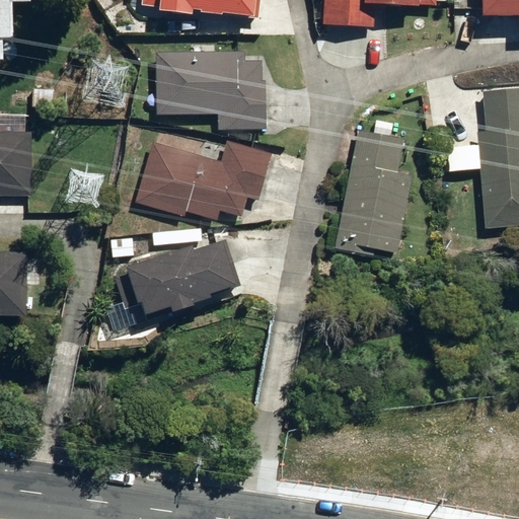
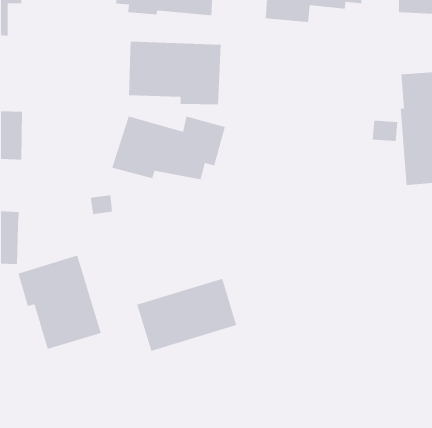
building: [336,116,407,255] -> none
building: [118,236,238,324] -> [136,278,237,352]
building: none -> [17,255,102,350]

